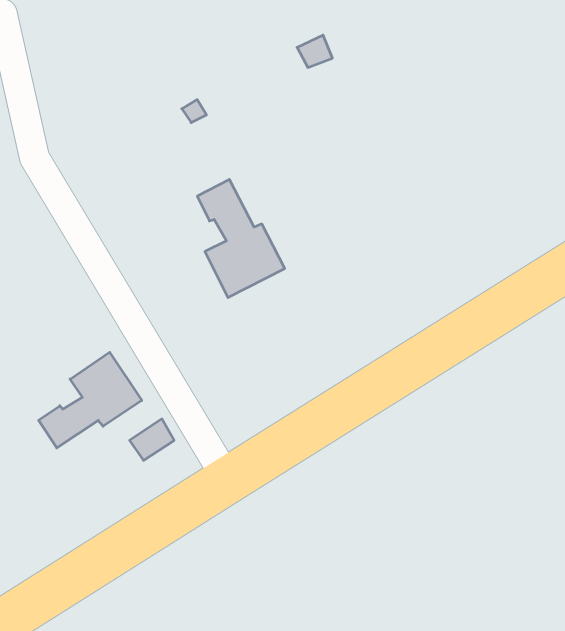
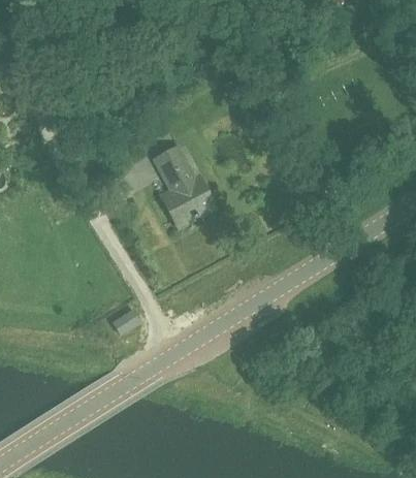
building: [39,352,142,448] -> none

